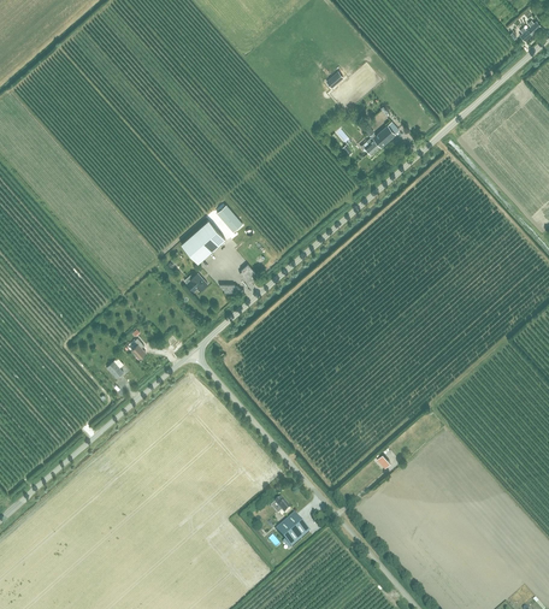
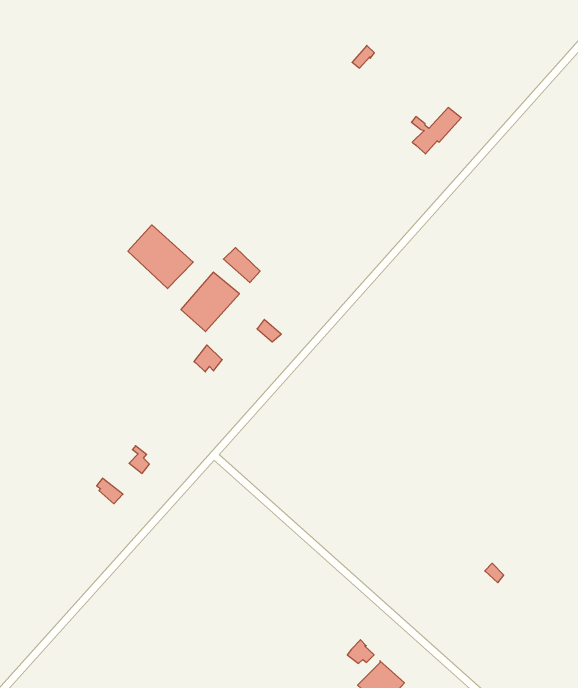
building: none -> [128,225,193,289]

